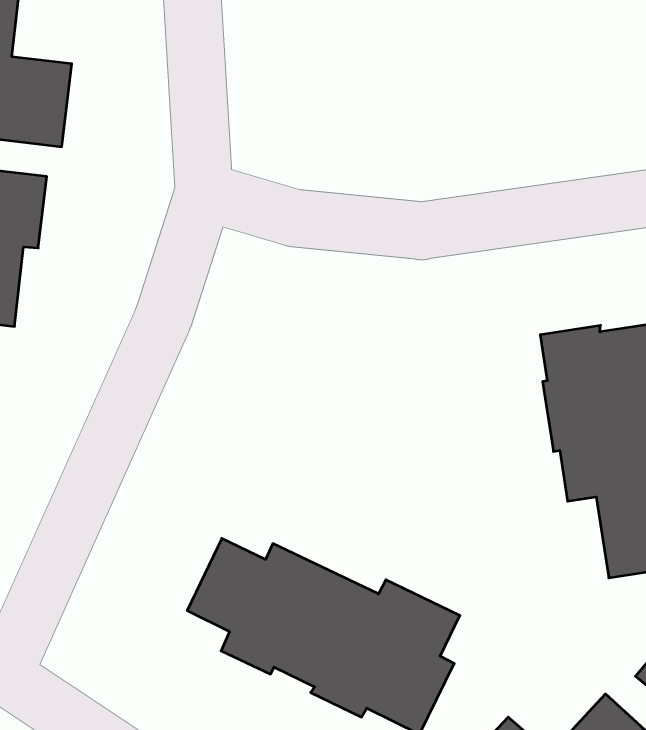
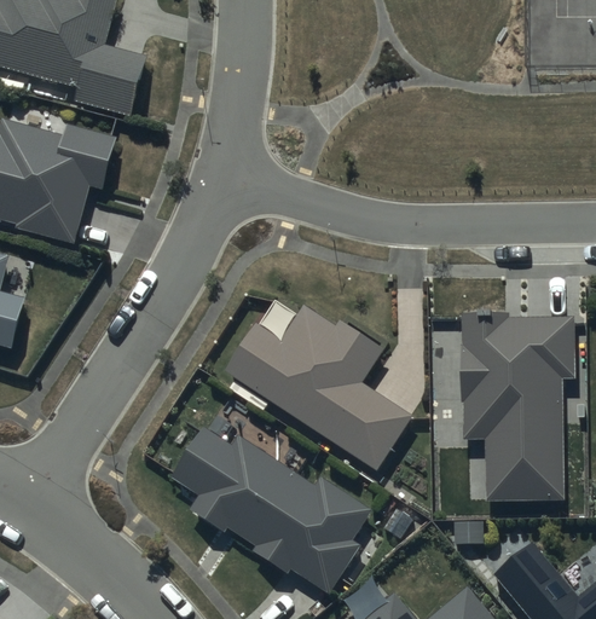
building: none -> [225,305,412,469]

